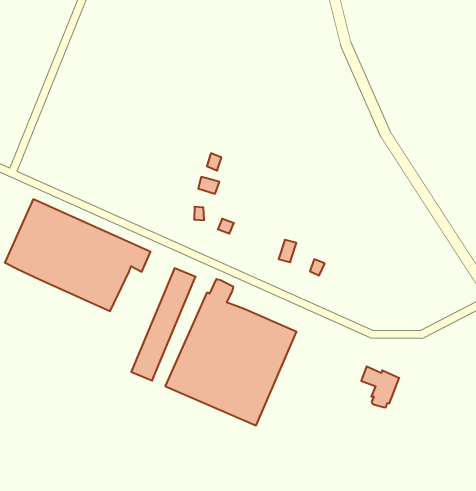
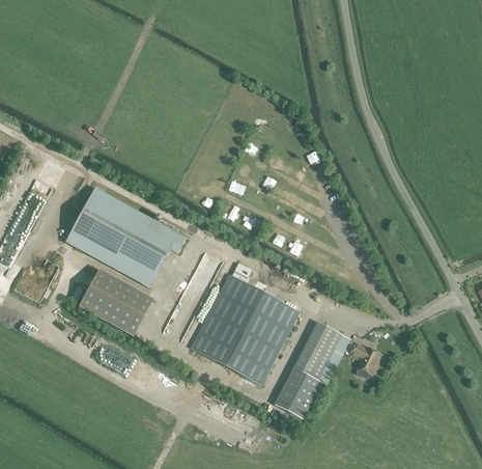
building: none -> [79,270,152,336]
building: none -> [275,322,342,419]

